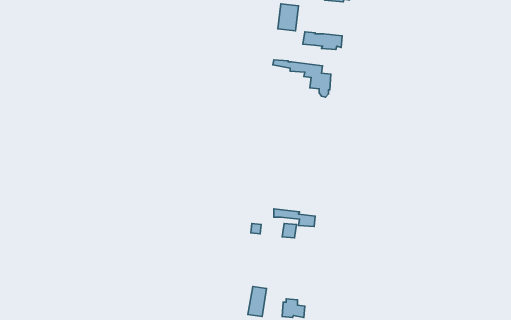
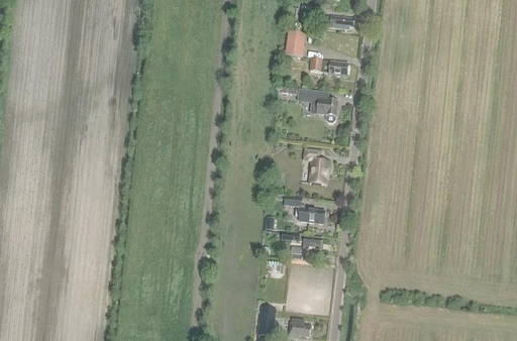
building: none -> [304,149,331,186]
building: none -> [284,196,324,224]

